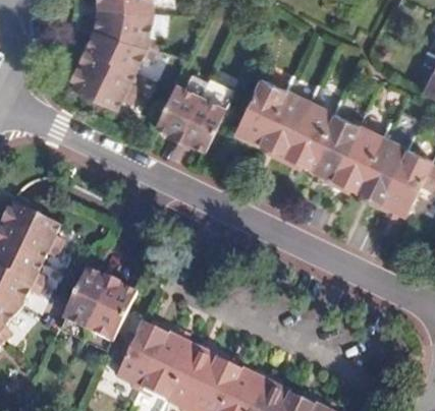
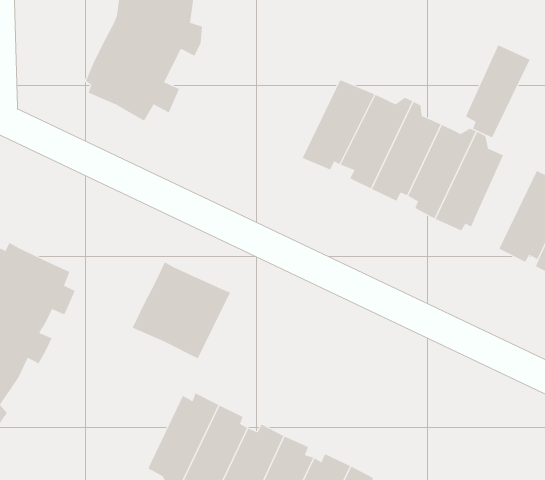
building: [155,84,226,153] -> none
building: [360,137,409,208] -> [465,45,530,138]
building: [61,271,135,344] -> [132,261,231,359]

